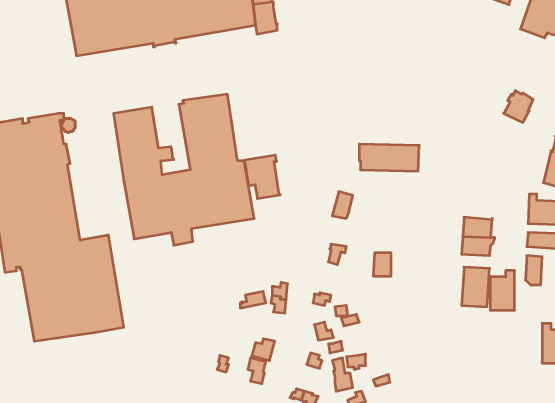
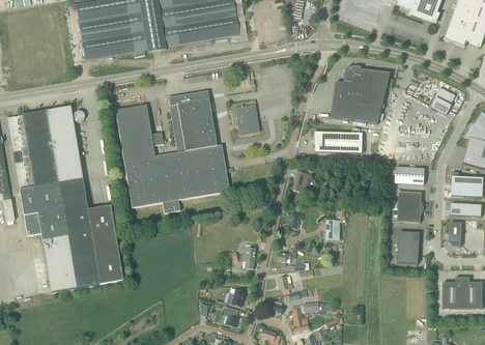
building: none -> [331,64,391,122]
building: [245,155,280,199] -> [230,98,259,134]
building: none -> [395,166,425,183]
building: [490,271,515,310] -> [443,276,462,308]

